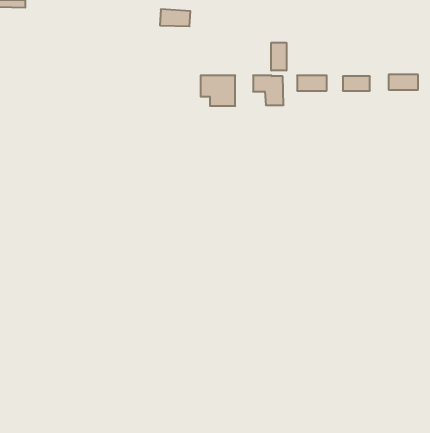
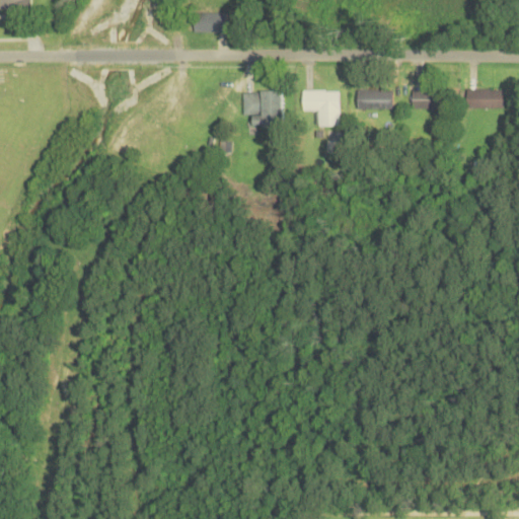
building: [271,43,286,71] -> none

